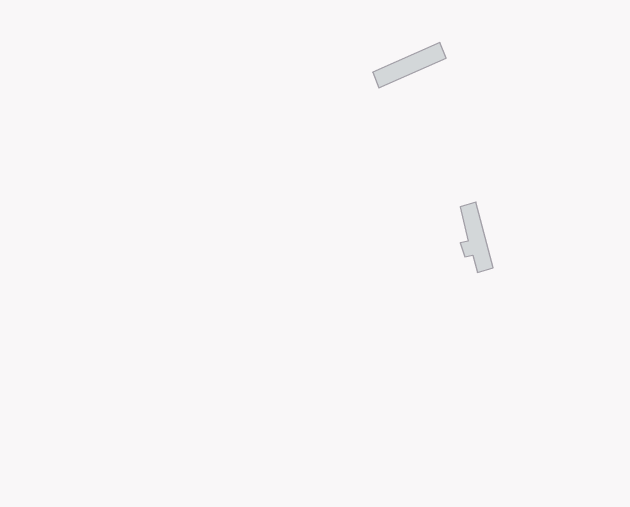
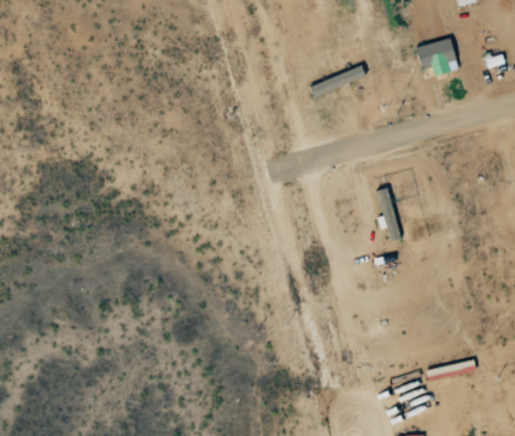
building: none -> [415,37,458,70]

